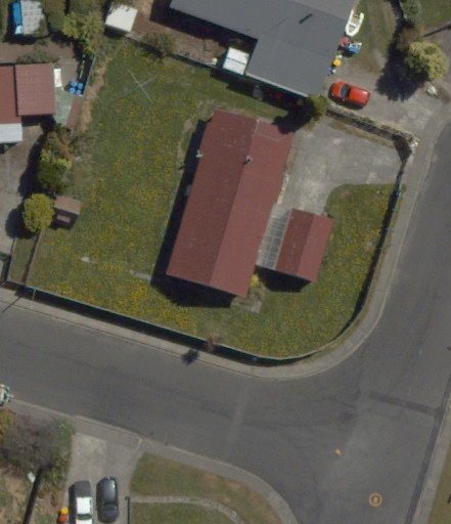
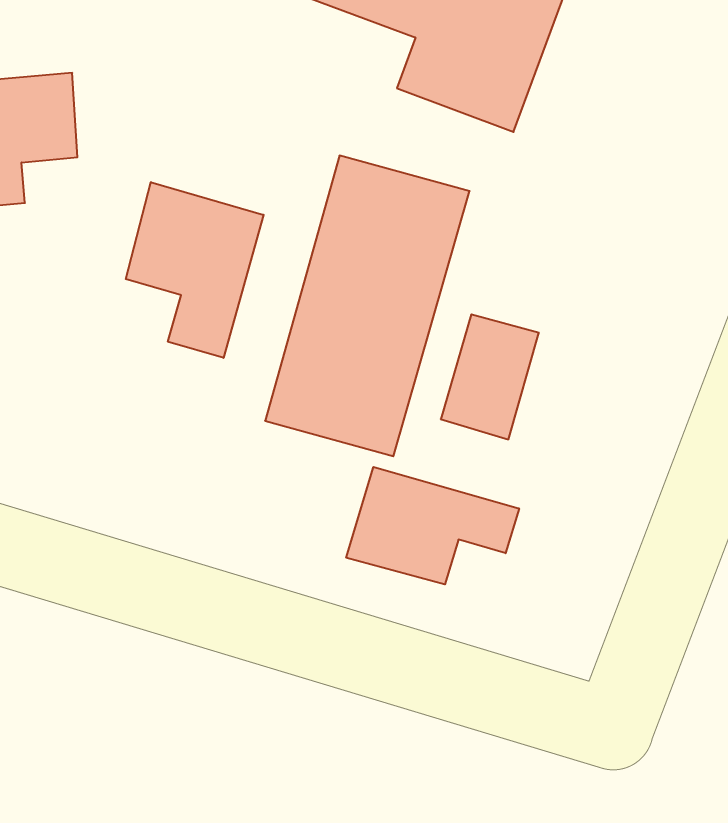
building: none -> [126,182,264,358]
building: none -> [346,467,519,584]

